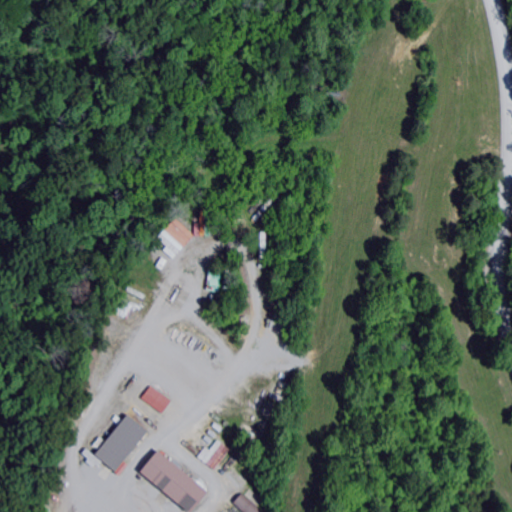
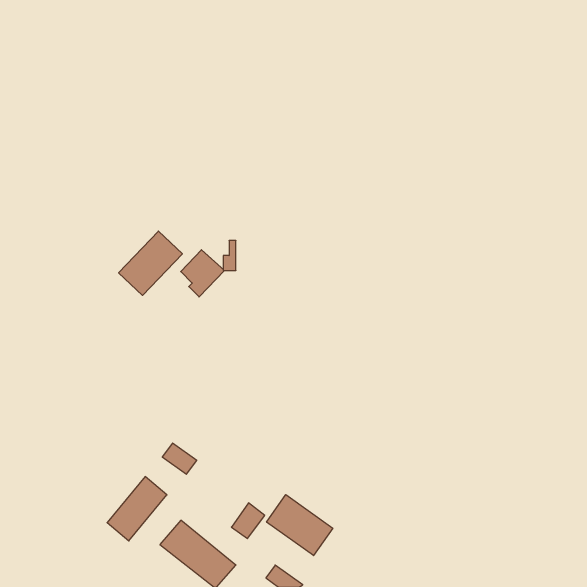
building: none -> [119,231,182,295]
building: none -> [267,495,333,556]

